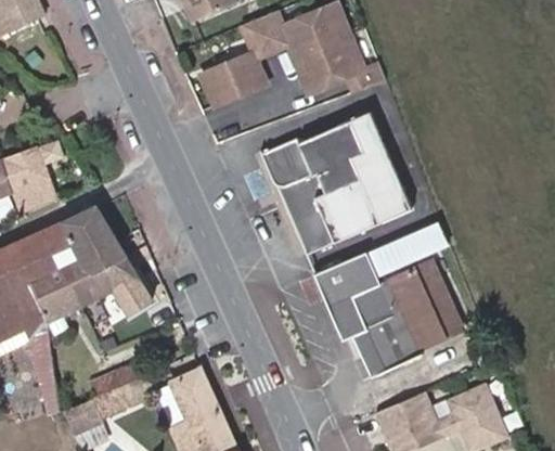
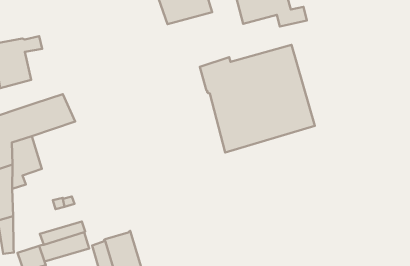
building: [314,222,462,376] -> none
building: [65,240,154,313] -> none

